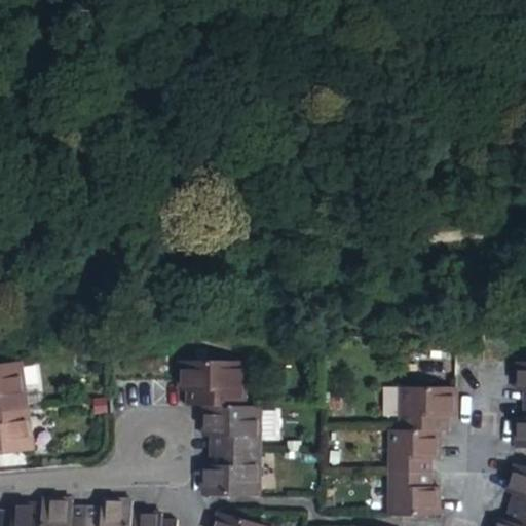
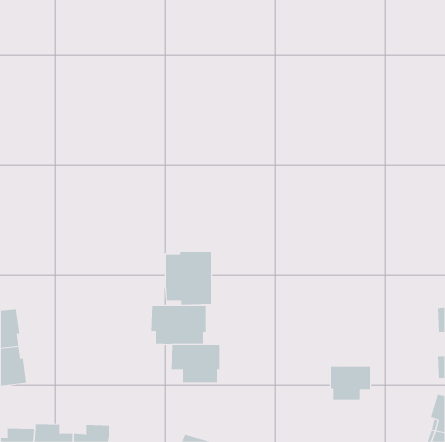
building: none -> [165,251,211,305]
building: [398,388,453,433] -> none
building: [201,452,259,497] -> none
building: [389,473,437,517] -> none

